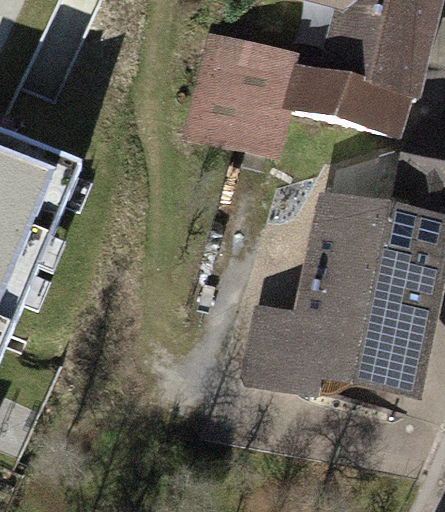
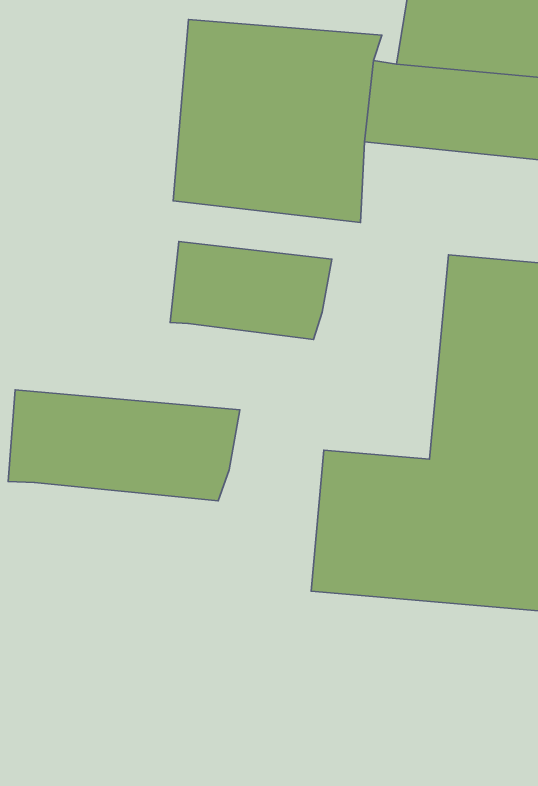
building: none -> [170,242,332,339]
building: none -> [8,390,240,501]

